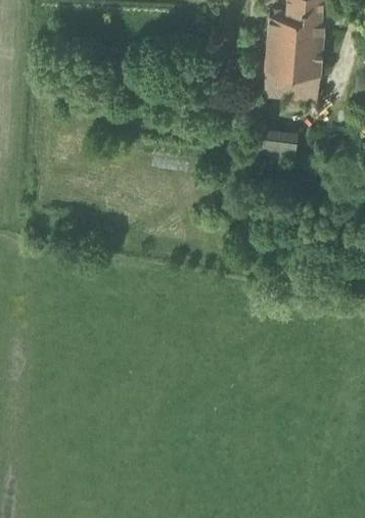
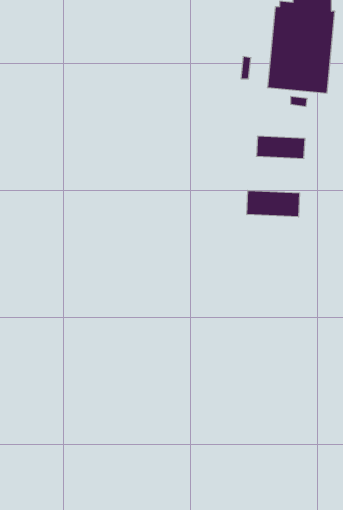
building: none -> [247,190,300,217]

